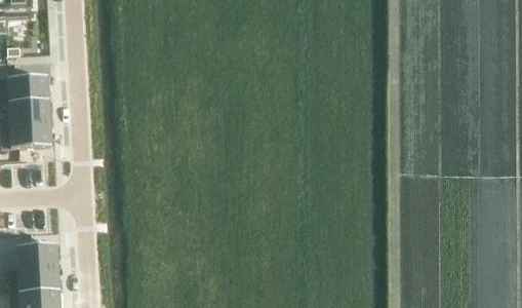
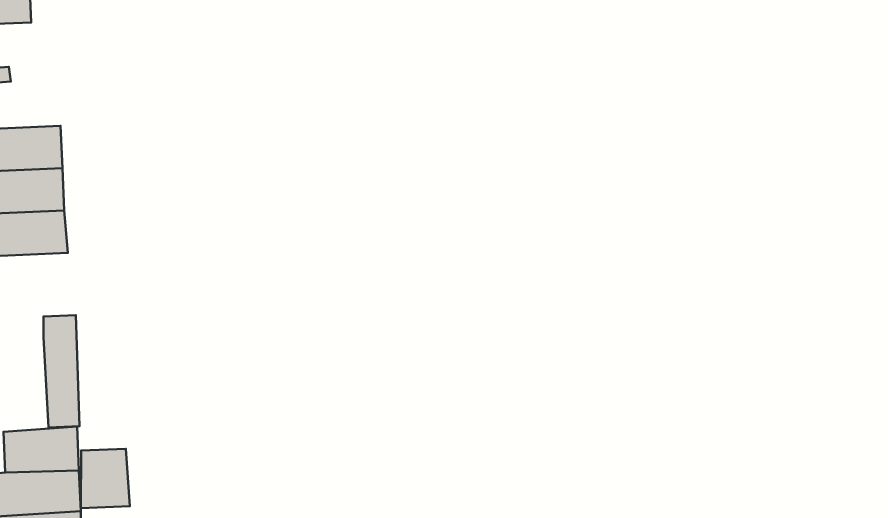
building: none -> [43,315,80,428]
building: none -> [81,449,130,508]

